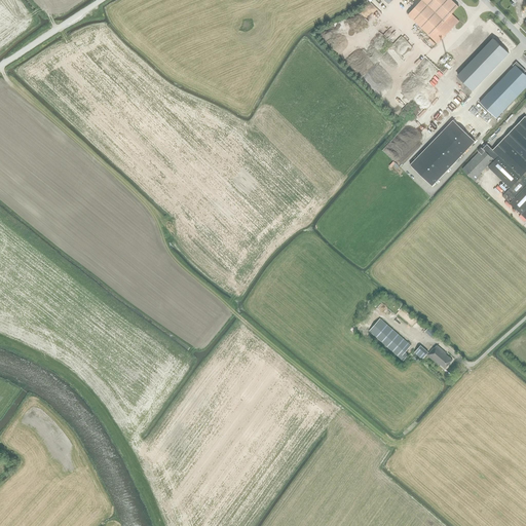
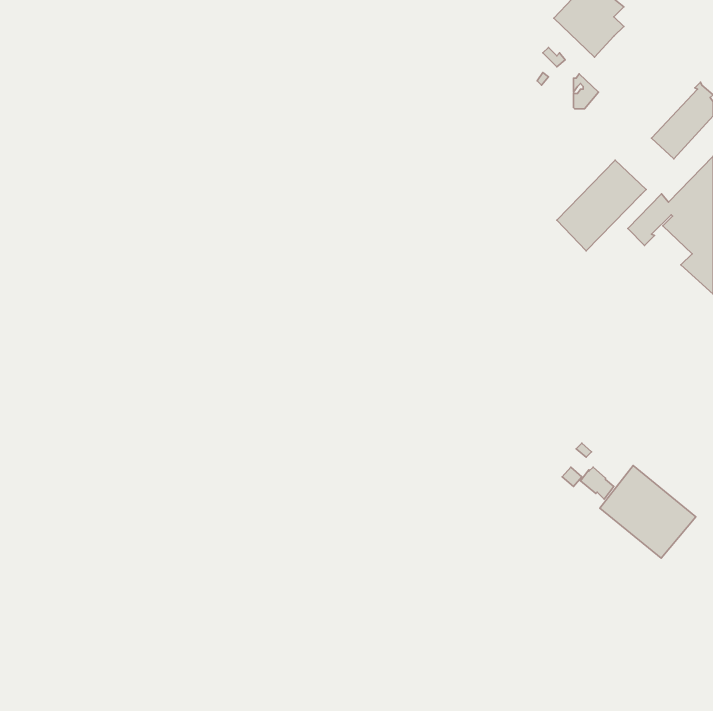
building: [458,38,509,89] -> none
building: [369,317,411,360] -> none
building: none -> [600,465,696,558]

